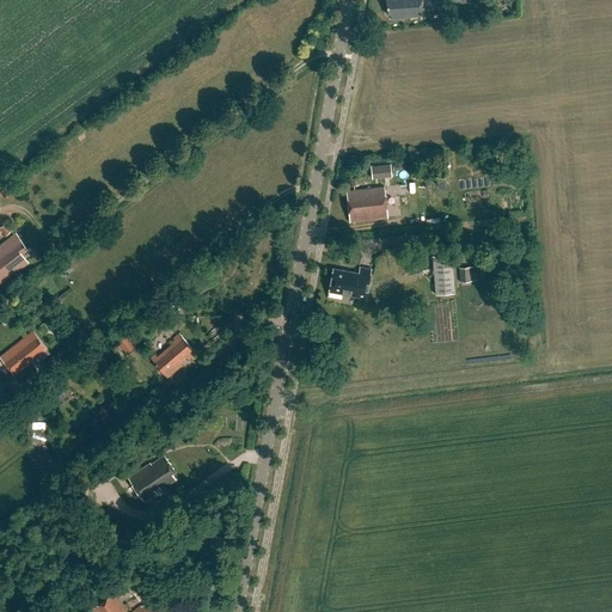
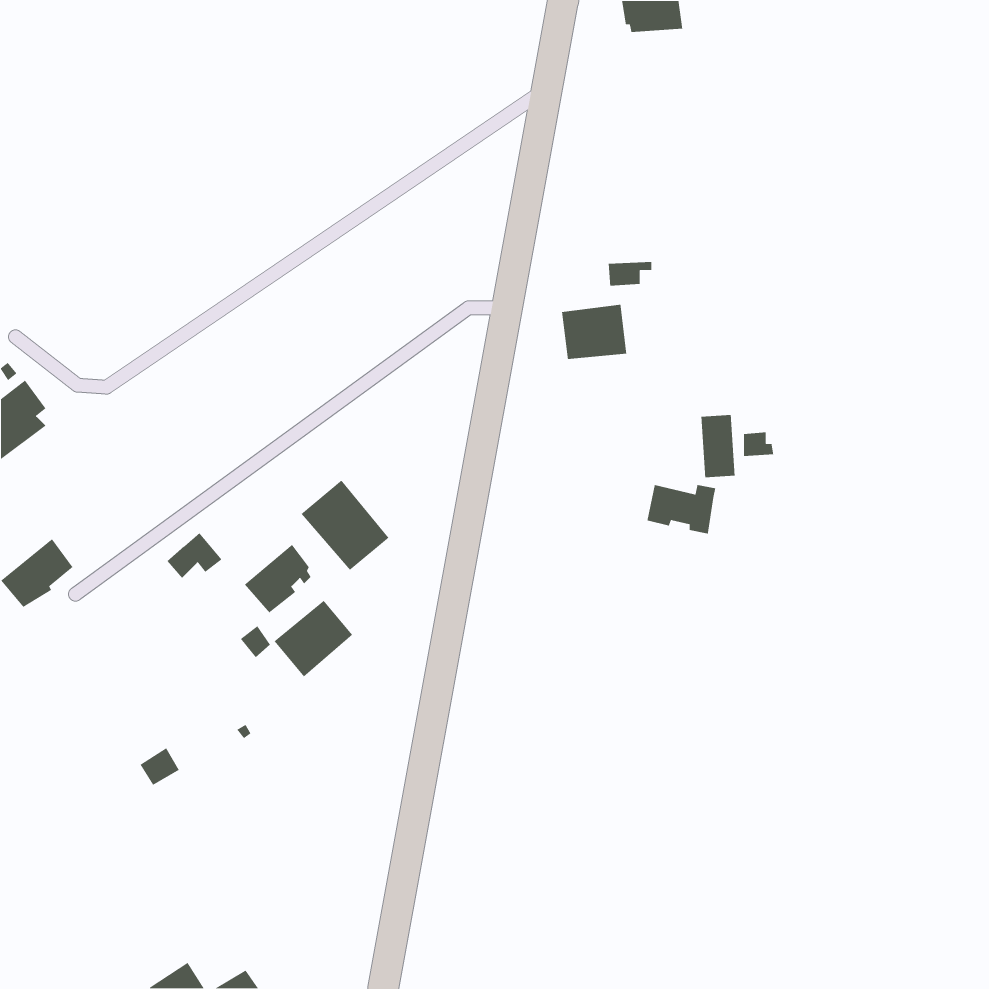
building: [329,269,372,300] -> [646,484,716,534]
building: none -> [300,479,389,571]
building: none -> [273,600,353,678]
building: [128,457,176,502] -> none

